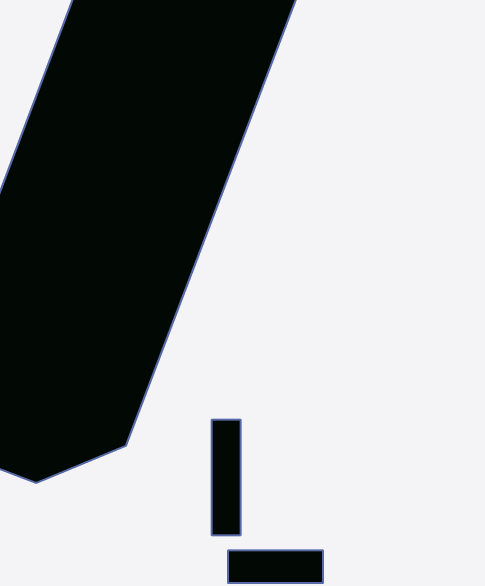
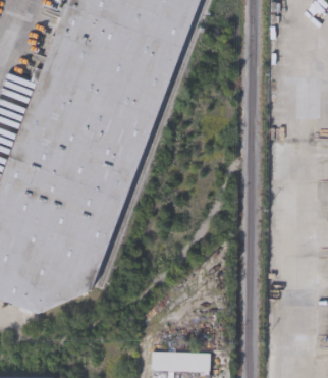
building: [212,420,240,535] -> none

